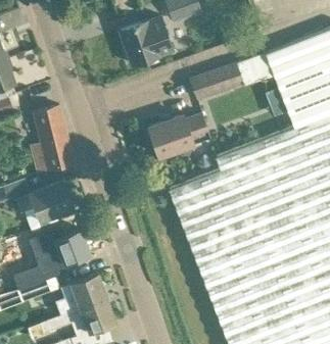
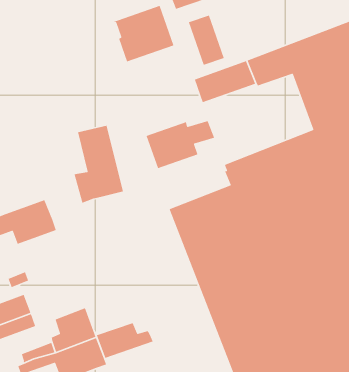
building: none -> [188,14,225,66]
building: [31,106,74,174] -> [74,125,124,204]
building: [54,230,90,264] -> none
building: none -> [96,322,154,359]

